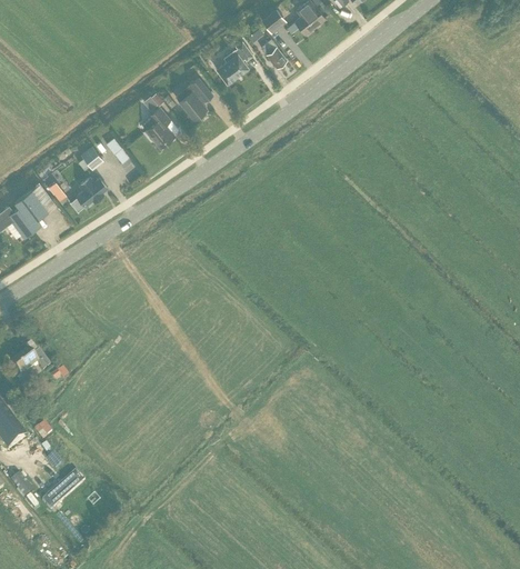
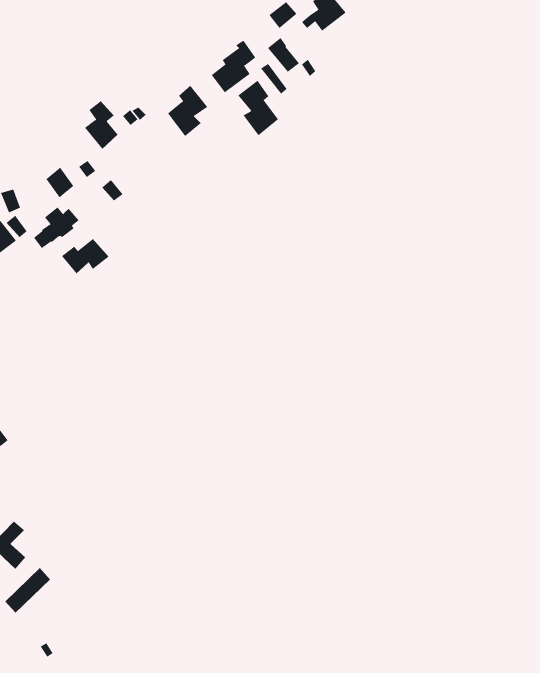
building: none -> [237,80,279,136]
building: [146,107,173,147] -> [84,101,118,150]
building: none -> [61,238,109,274]

